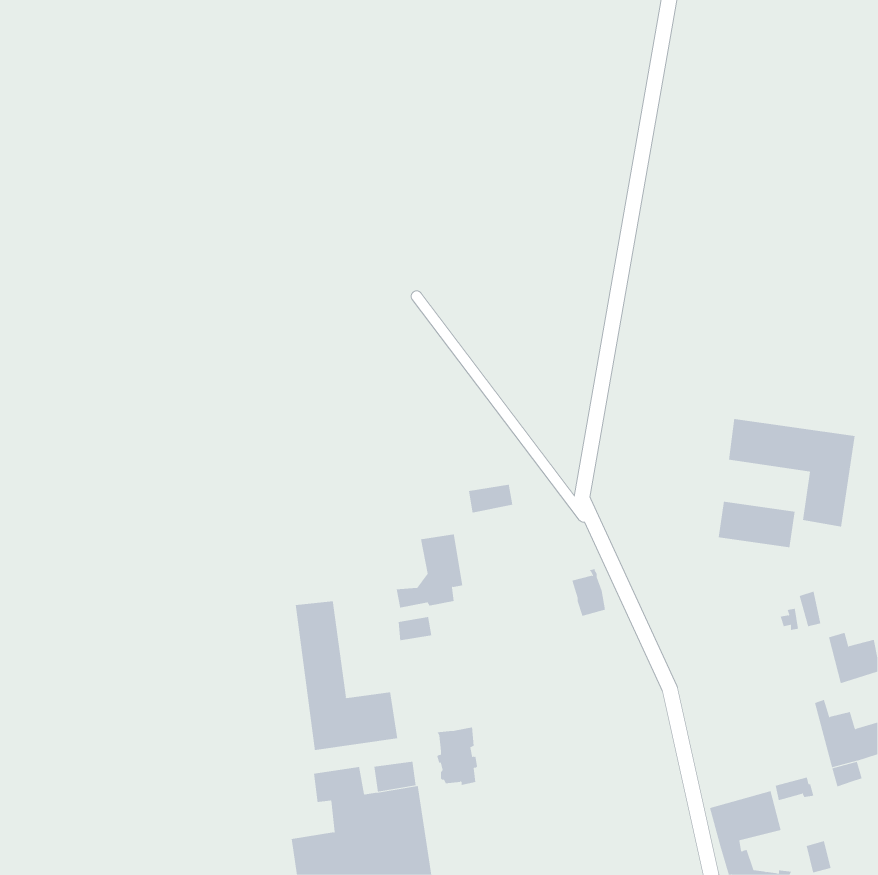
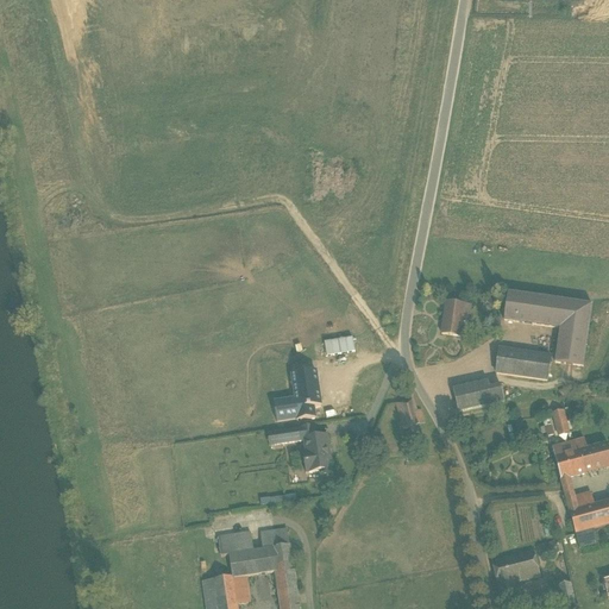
building: none -> [441,300,470,334]
building: none -> [452,378,504,410]
building: [295,600,398,751] -> none
building: none -> [551,440,580,485]
building: [437,727,478,785] -> [302,432,331,472]

